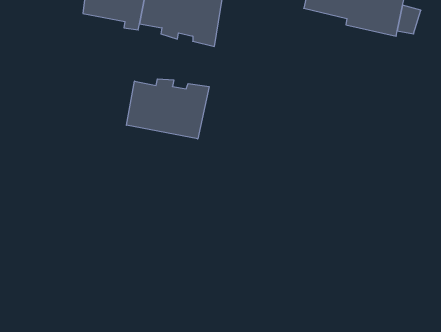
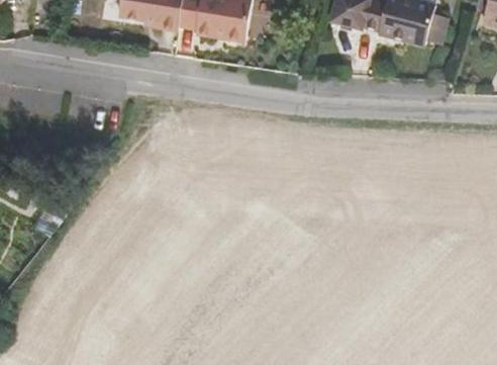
building: [126,79,209,139] -> none

